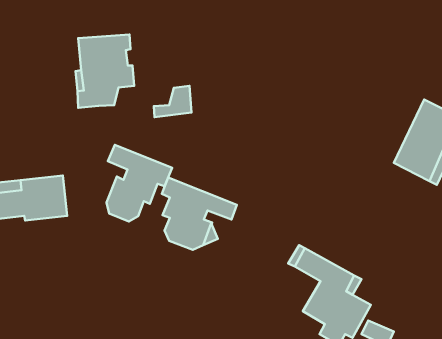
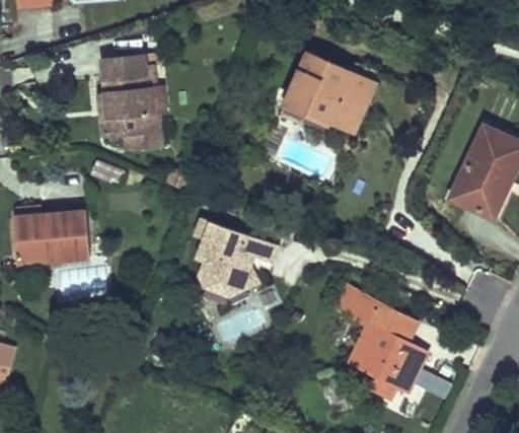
building: none -> [284,54,374,130]
building: [154,86,191,117] -> [124,111,165,145]
building: [106,145,172,222] -> none

